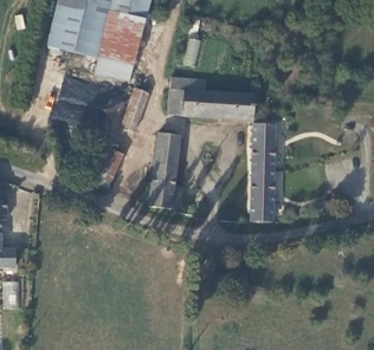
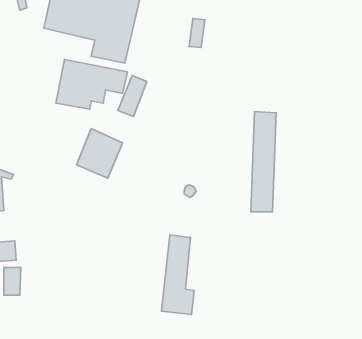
building: [170,77,257,119] -> none
building: [153,131,185,209] -> [161,235,194,315]

